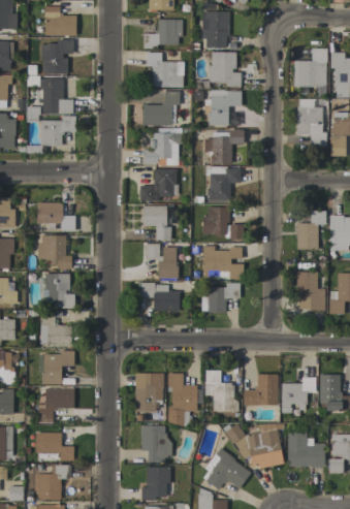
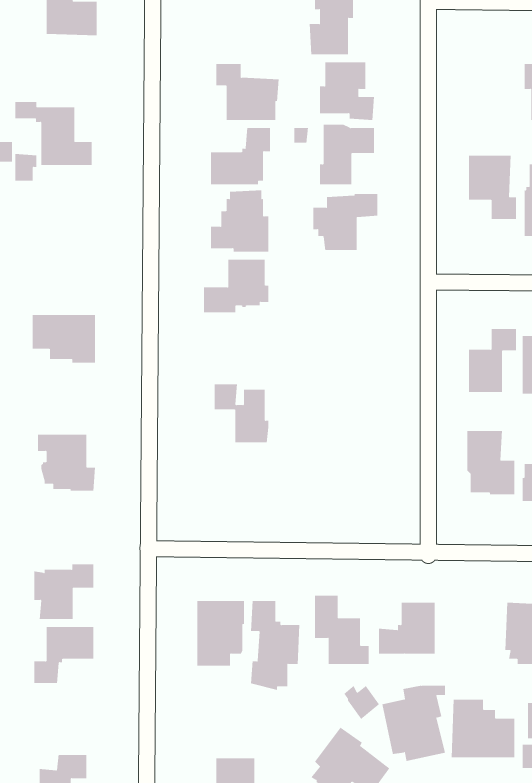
building: [144,20,183,49] -> none
building: [42,39,73,74] -> none
building: [294,49,327,96] -> none
building: [26,116,75,153] -> none
building: [205,166,241,200] -> none
building: [144,205,176,240] -> none
building: [202,206,244,238] -> none
building: [38,235,71,268] -> none
building: [201,246,242,279] -> none
building: [140,282,180,312] -> none
building: [201,283,240,313] -> none
building: [40,316,71,346] -> none
building: [282,377,316,413] -> none
building: [141,423,172,463] -> none
building: [35,433,74,460] -> none

